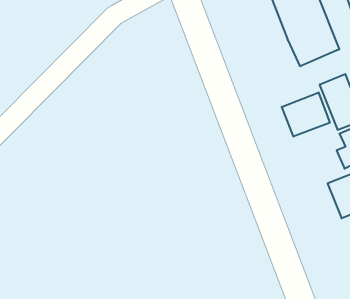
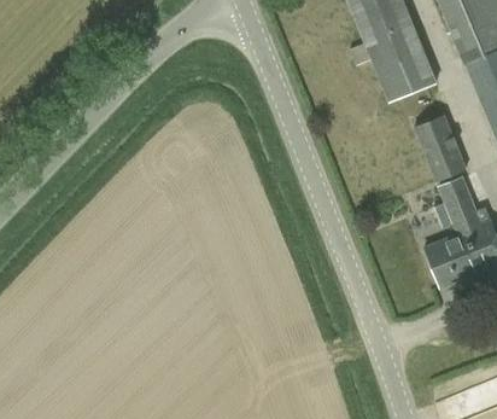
building: [282,92,330,137] -> none

